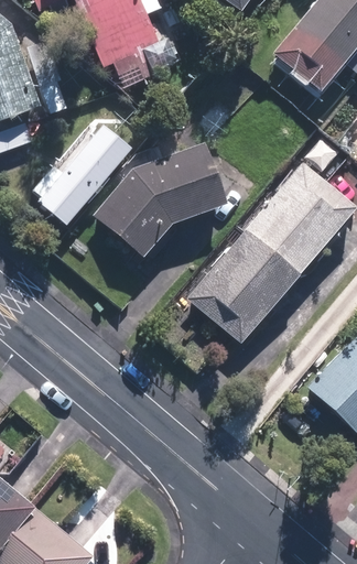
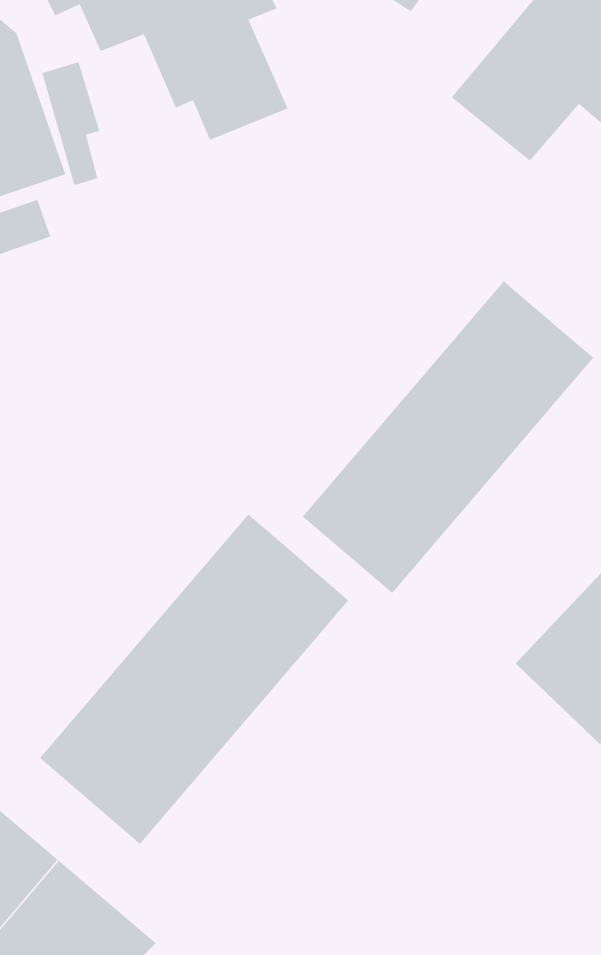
building: [39,124,130,225] -> none
building: [89,149,219,262] -> none
building: none -> [39,514,349,845]

